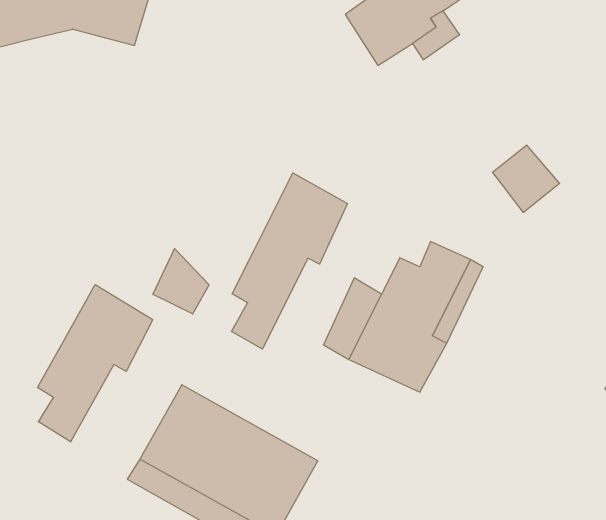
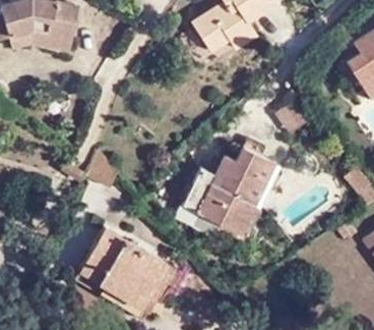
building: none -> [16,29,76,52]
building: [232,173,348,349] -> none
building: [38,285,153,442] -> none

